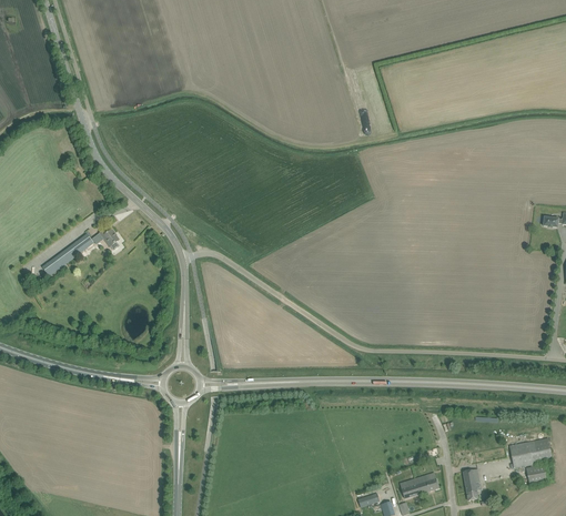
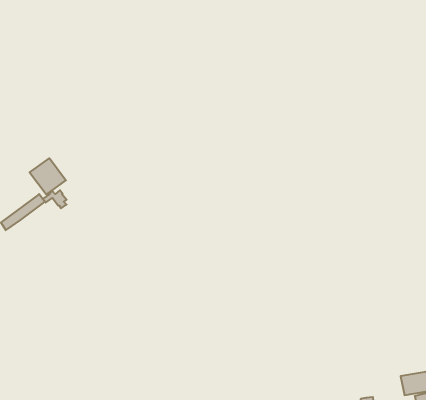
building: none -> [30,158,66,194]

